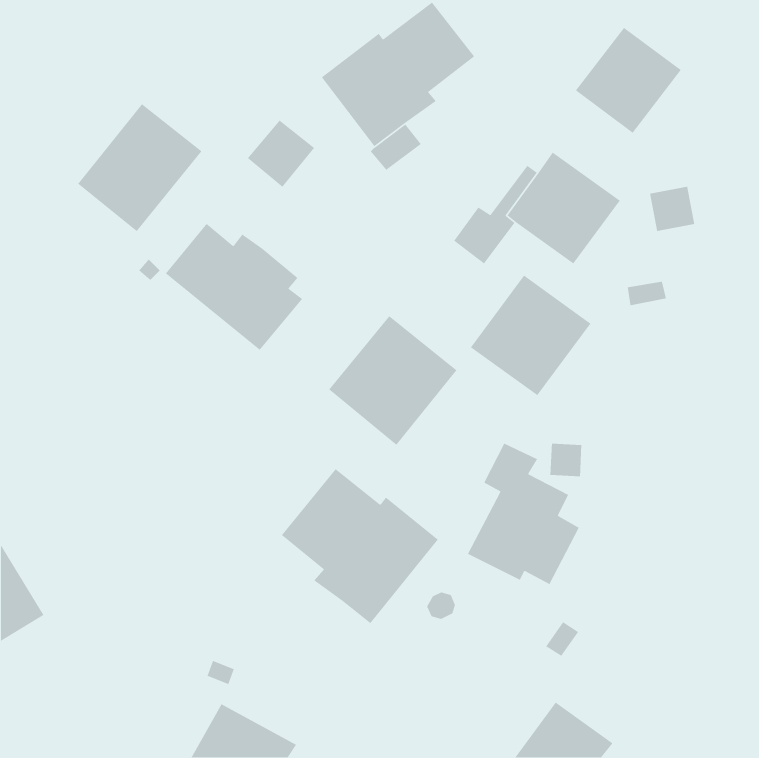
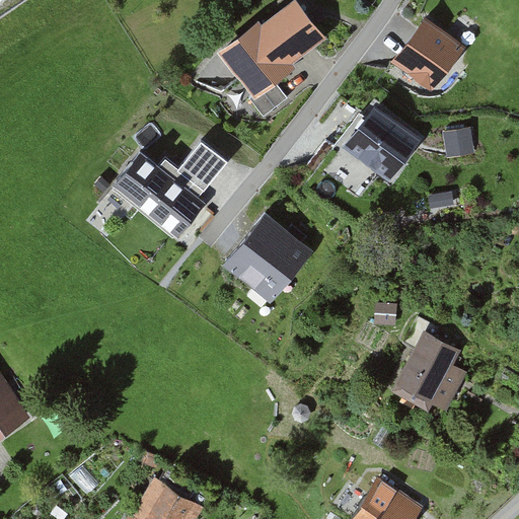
building: [77,103,203,232] -> none
building: [247,120,315,188] -> [179,143,226,190]
building: [470,275,591,396] -> none
building: [467,443,580,585] -> [391,315,468,413]
building: [281,468,439,624] -> none

